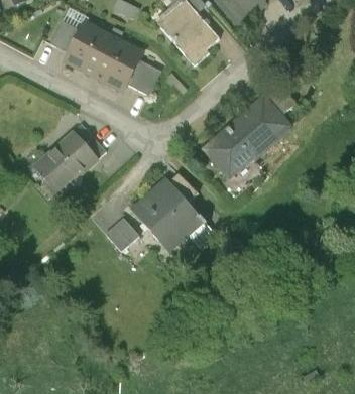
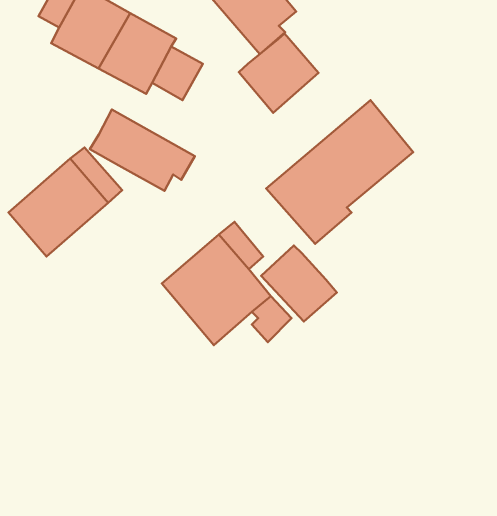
building: none -> [239,33,318,113]
building: none -> [90,109,195,191]
building: none -> [261,245,337,321]
building: [106,218,138,250] -> none

